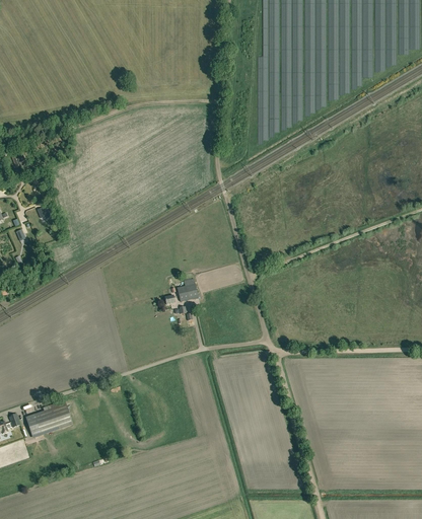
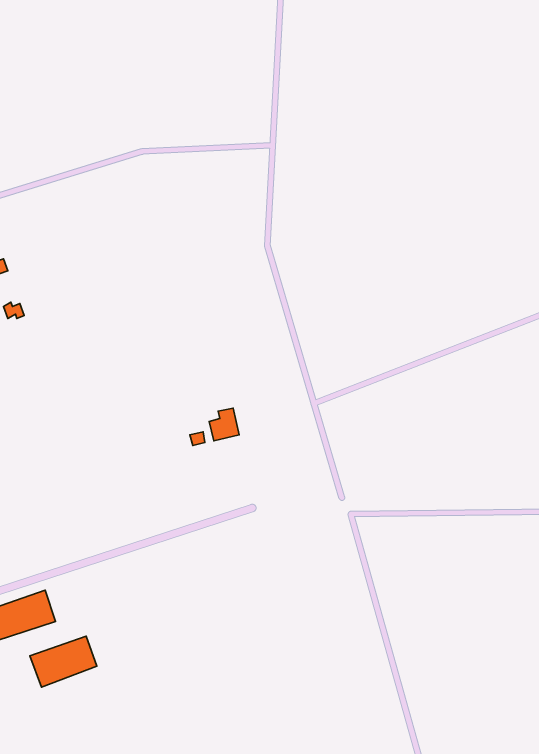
building: none -> [30,636,97,687]

